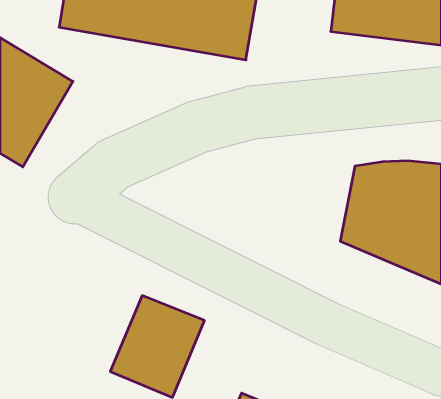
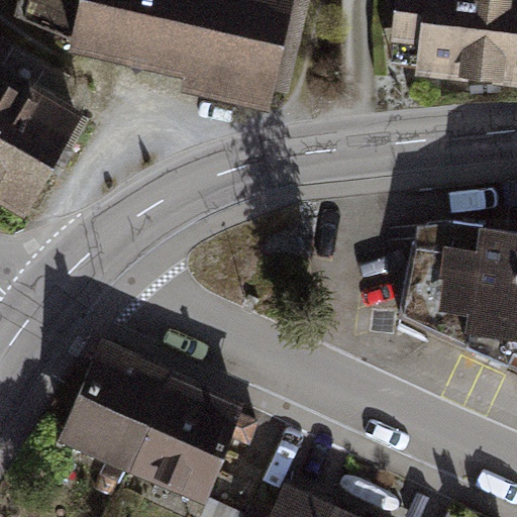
building: none -> [62,347,167,466]

